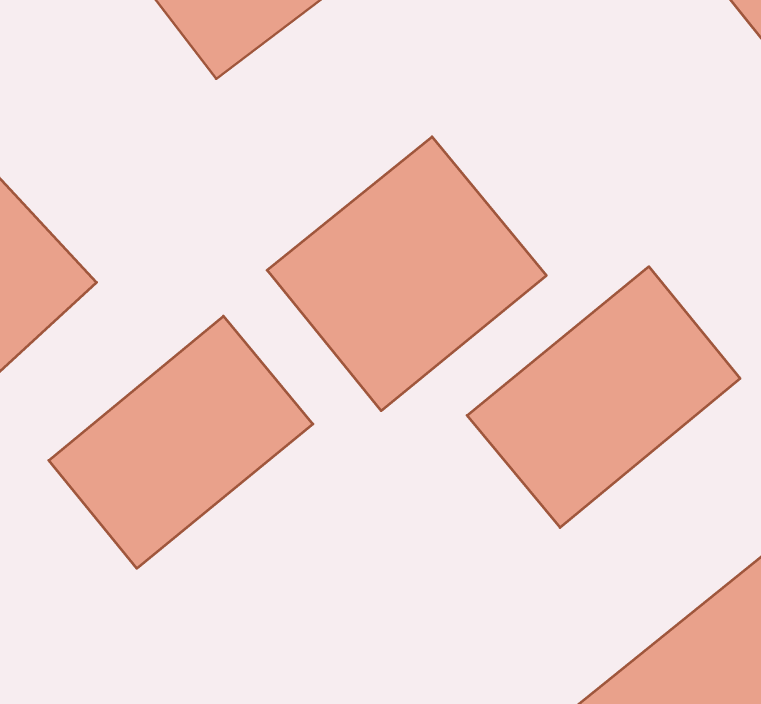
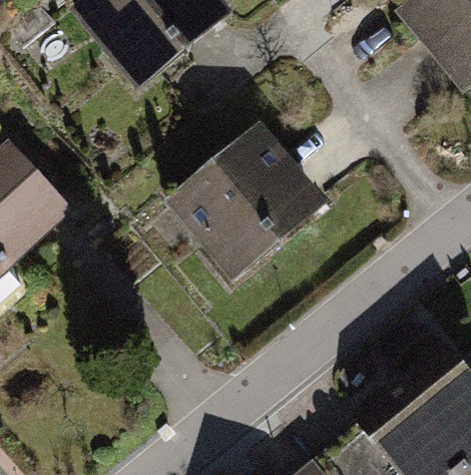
building: [467,267,740,528] -> none
building: [49,316,313,568] -> none

